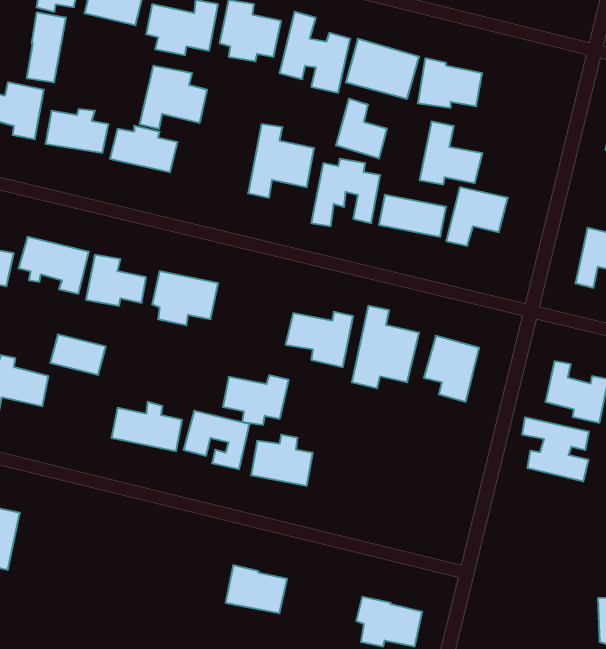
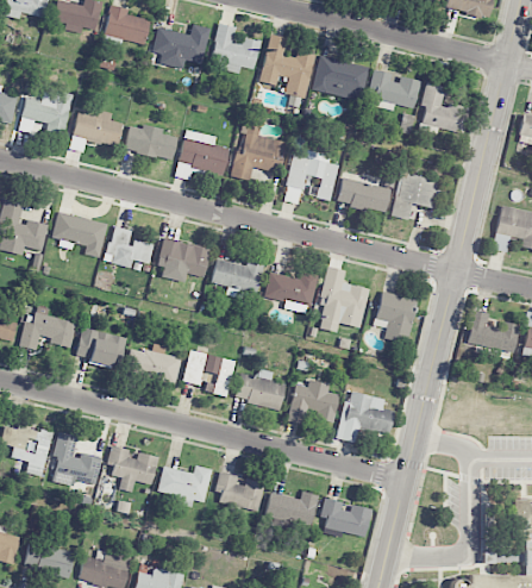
building: [27,12,66,83] -> none
building: [140,66,207,129] -> [175,130,229,180]
building: [336,99,387,159] -> none
building: [419,122,482,185] -> [418,83,468,133]
building: [50,334,106,375] -> [75,334,119,367]
building: [223,375,289,425] -> [211,258,263,298]
building: [522,417,589,482] -> none
building: none -> [287,380,338,425]
building: none -> [336,390,394,443]
building: none -> [50,433,101,486]
building: none -> [107,446,158,492]
building: none -> [158,465,212,507]
building: none -> [265,493,317,525]

